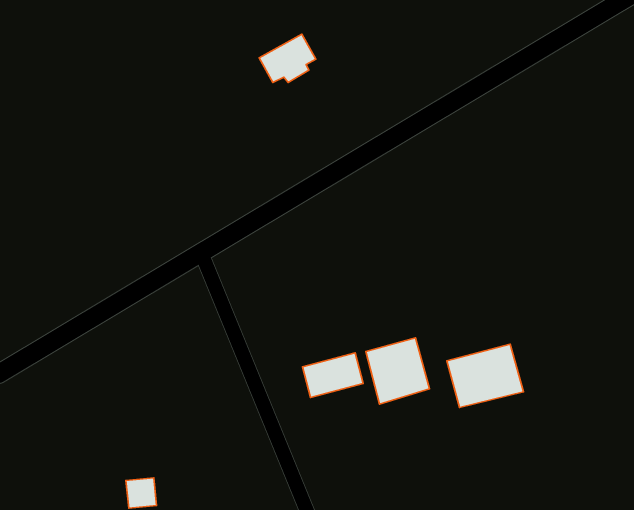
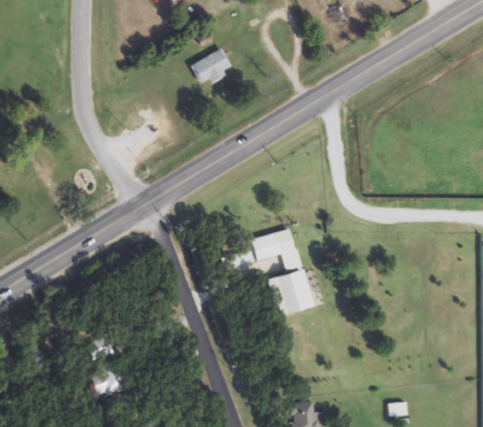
building: [447,344,524,408] -> none
building: [302,353,363,397] -> [251,228,295,260]

